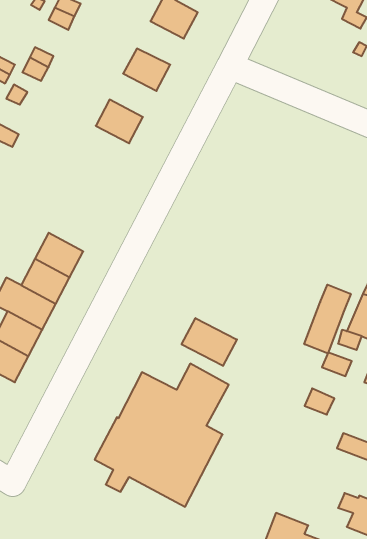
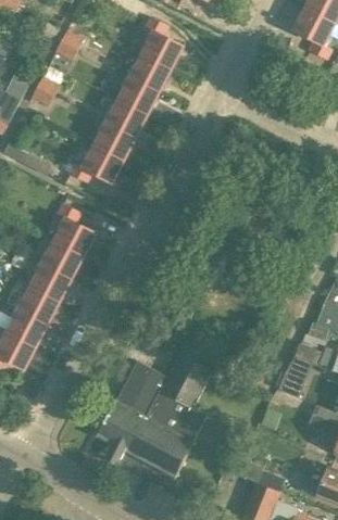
building: none -> [130,54,172,92]
building: none -> [107,100,148,138]
building: none -> [70,145,124,183]
building: none -> [53,202,96,255]
building: [304,285,351,353] -> none
building: [182,318,237,366] -> none

